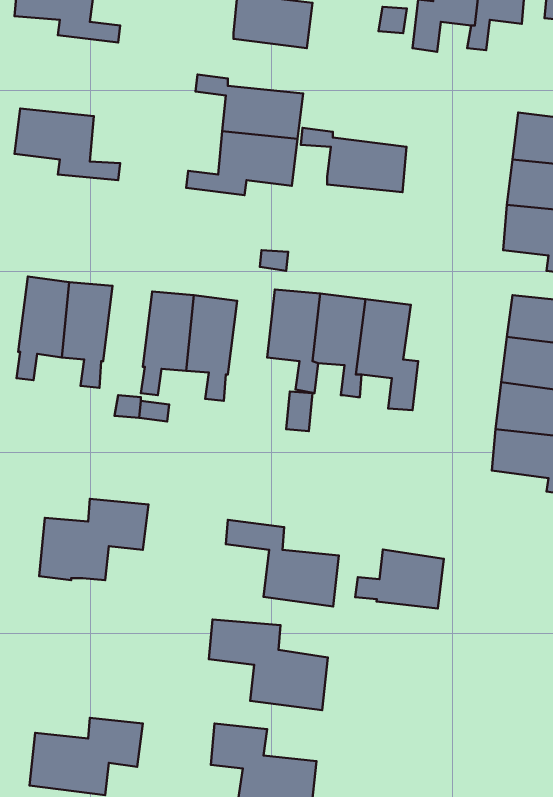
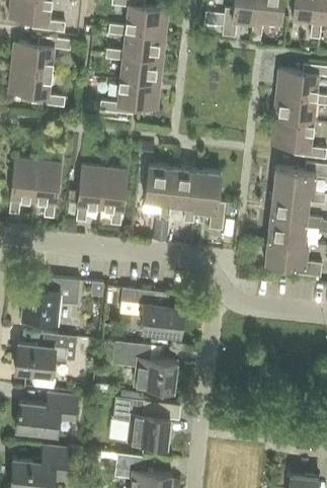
building: none -> [11,36,71,71]
building: [301,128,406,192] -> [108,24,165,59]
building: [355,550,444,608] -> none
building: none -> [15,333,78,376]

